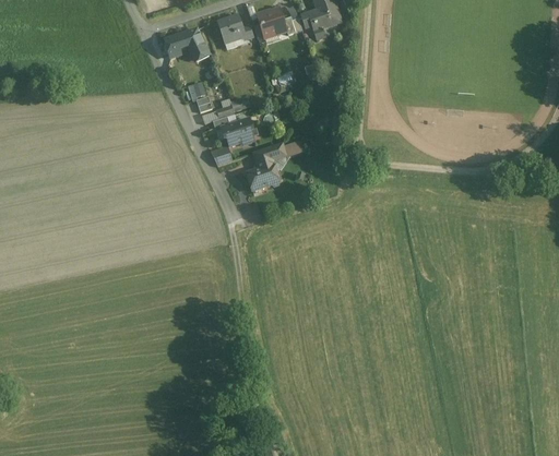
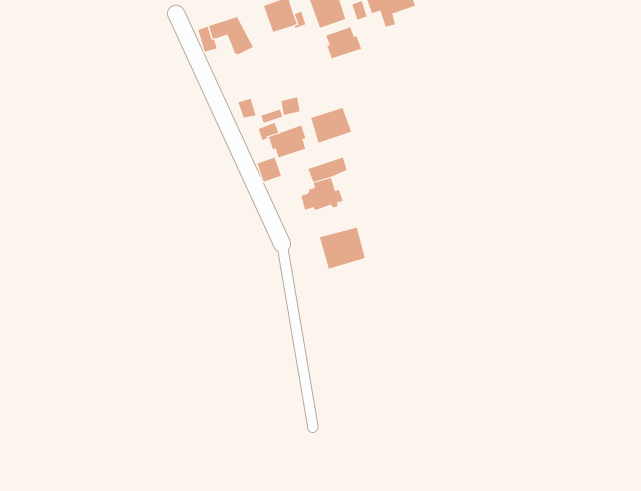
building: none -> [326,27,362,59]
building: none -> [311,107,352,143]
building: none -> [319,227,365,269]

